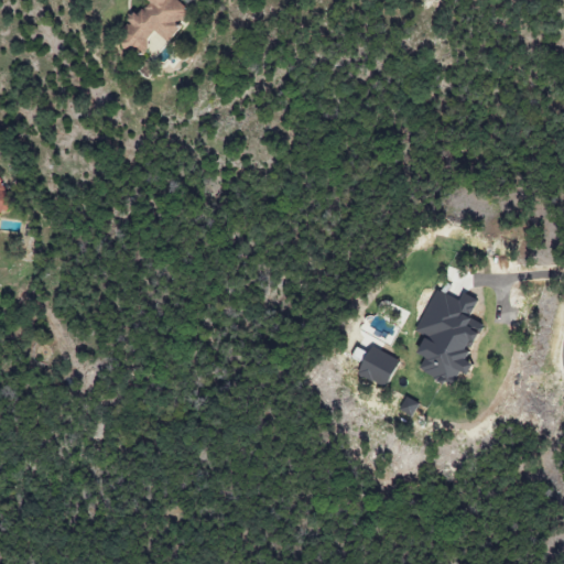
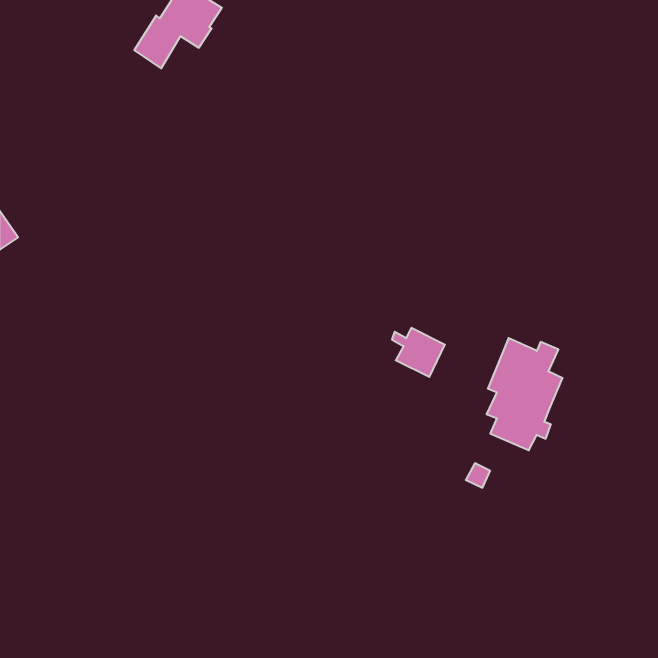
building: [352,345,398,387] -> [392,328,445,377]

